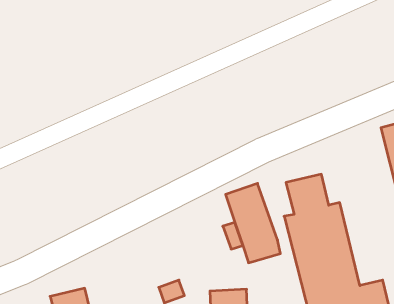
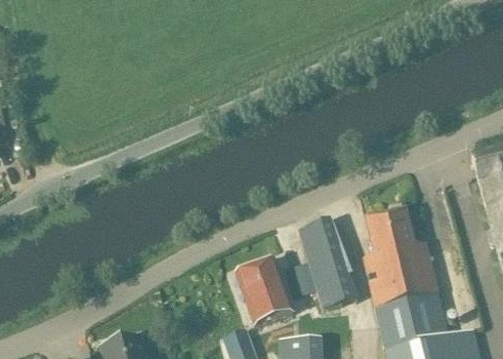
building: none -> [236,258,293,324]

